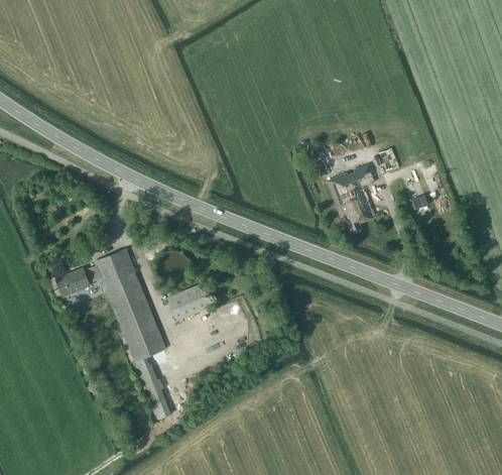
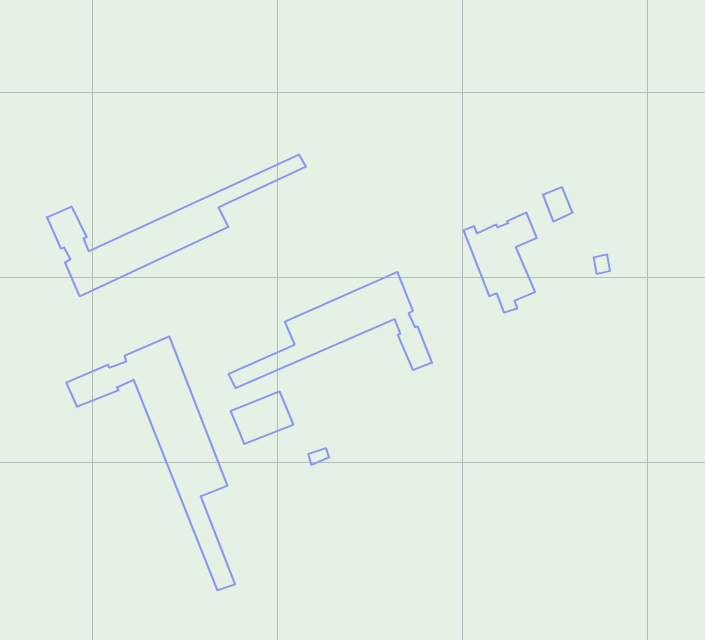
building: none -> [47,154,306,296]
building: none -> [229,272,432,388]

